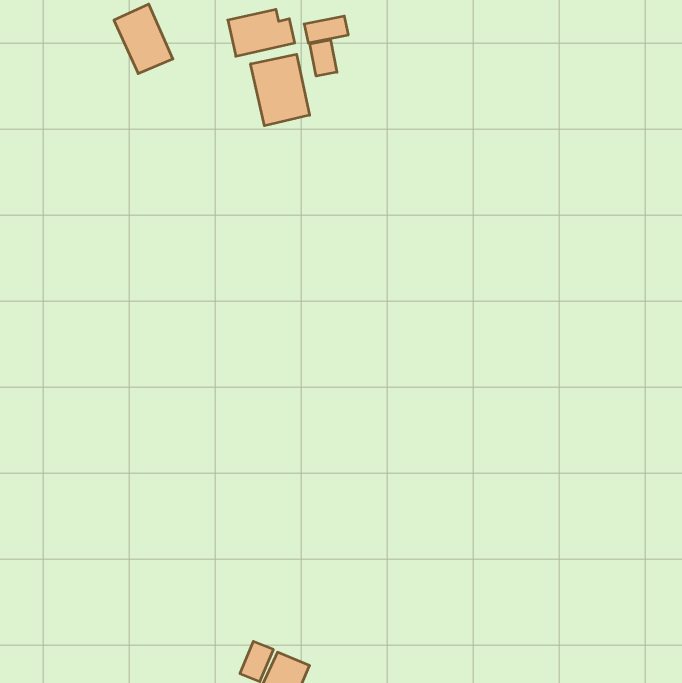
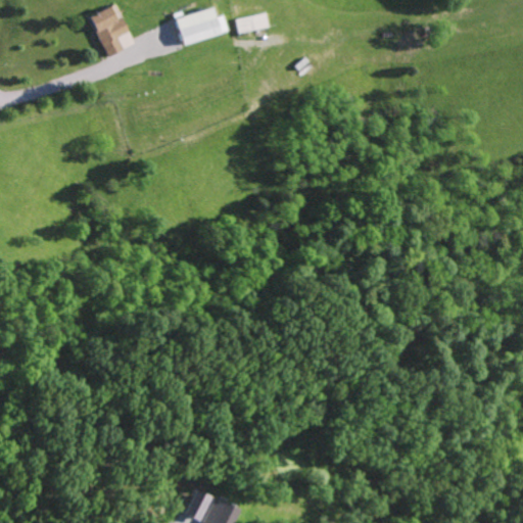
building: [310,40,337,76] -> none
building: [251,54,310,126] -> none

